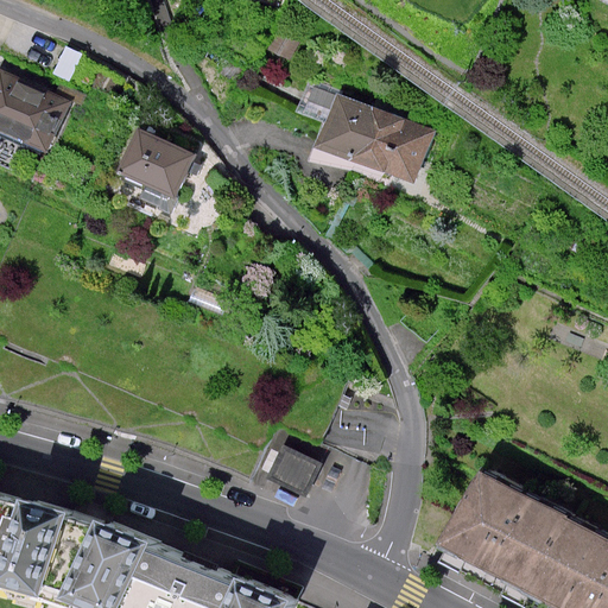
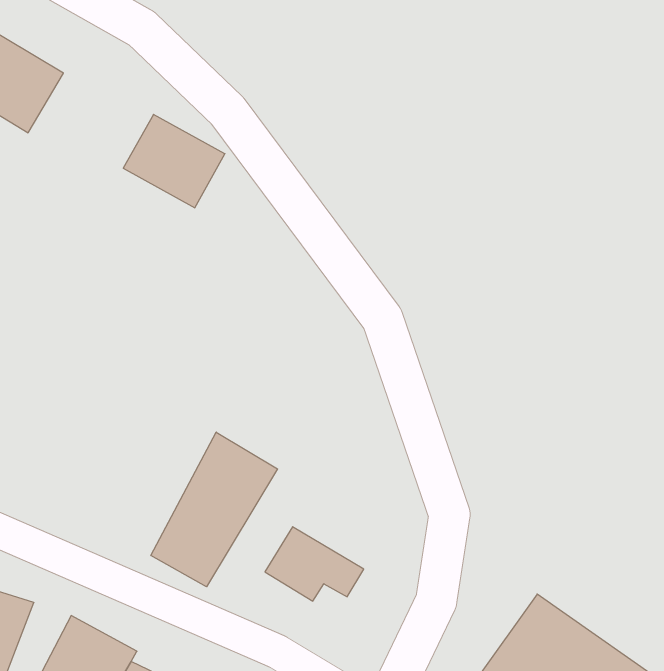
building: [311,93,428,179] -> none
building: none -> [151,432,278,587]

